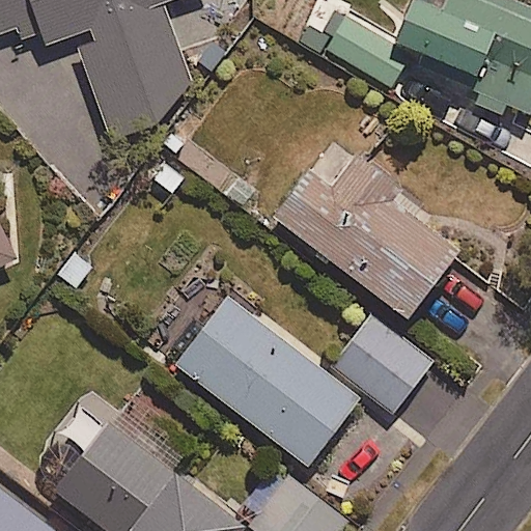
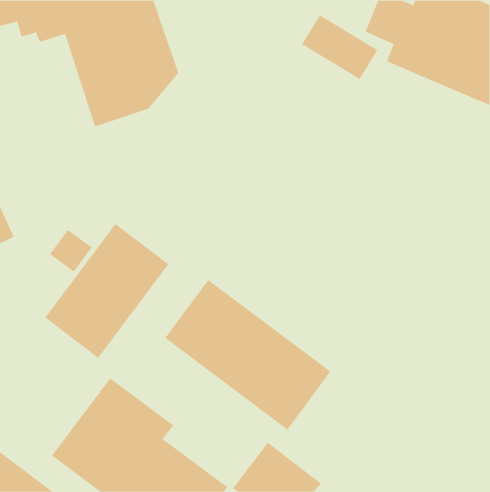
building: [271,139,460,320] -> none
building: none -> [44,223,169,359]
building: [335,317,429,411] -> none

